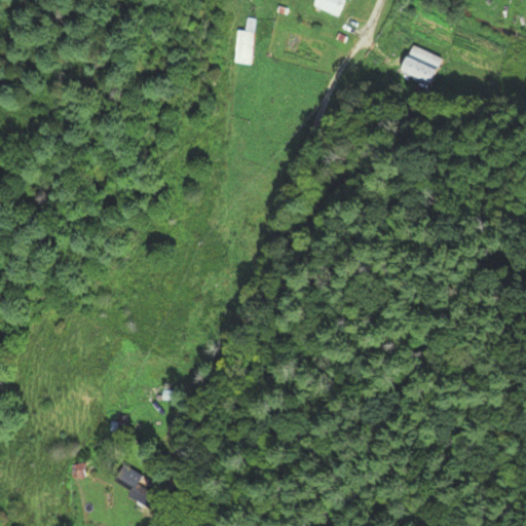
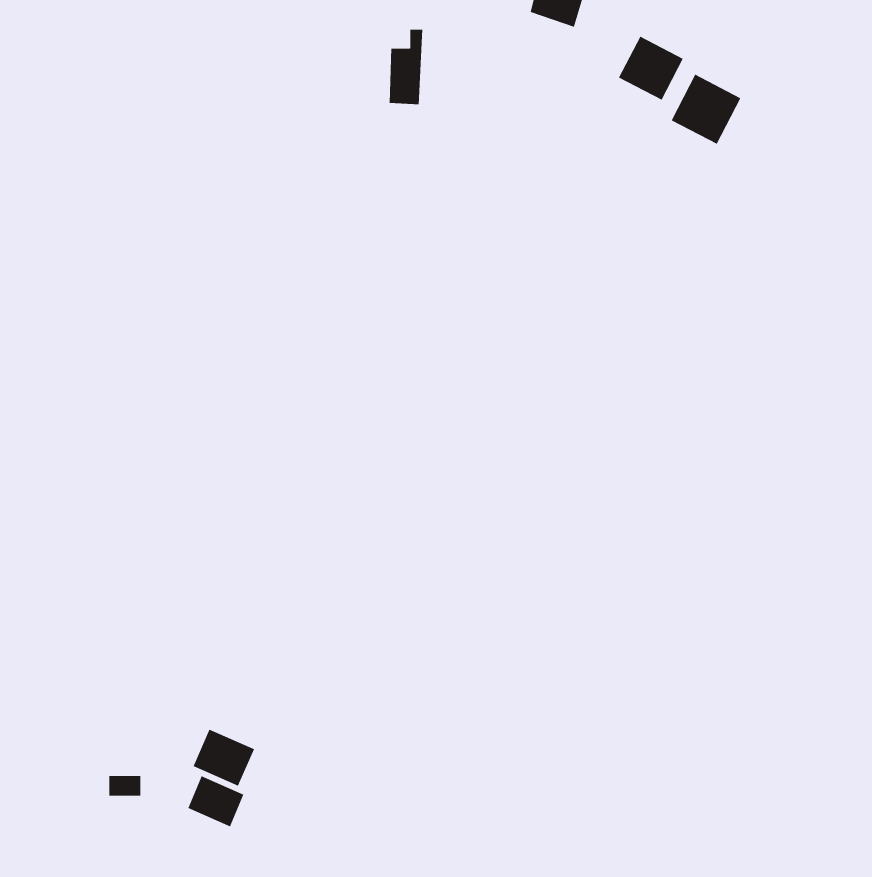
building: none -> [618,36,684,100]
building: none -> [193,729,255,787]

